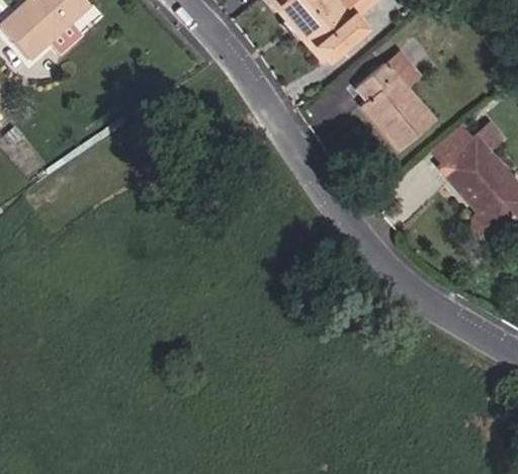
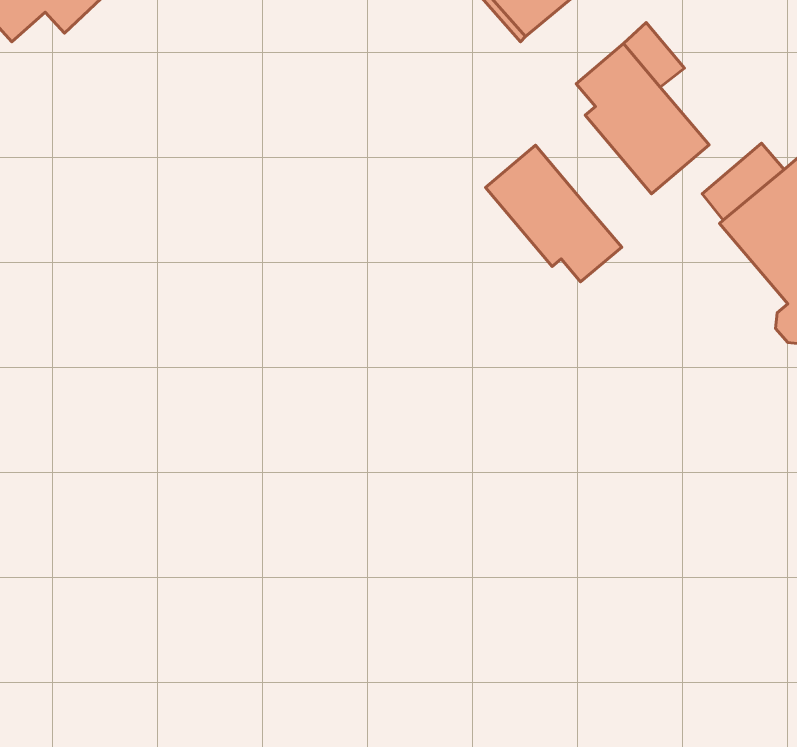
building: none -> [485,145,622,282]

